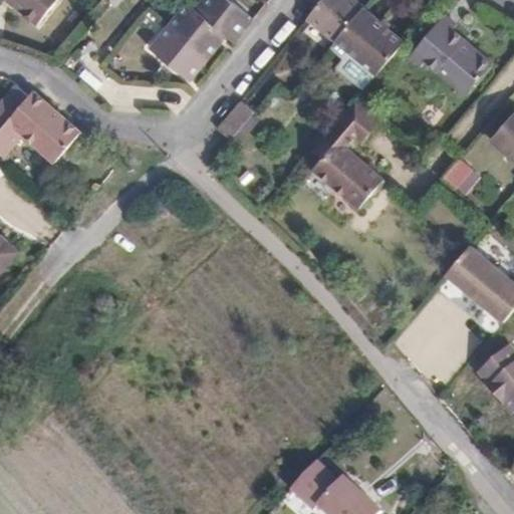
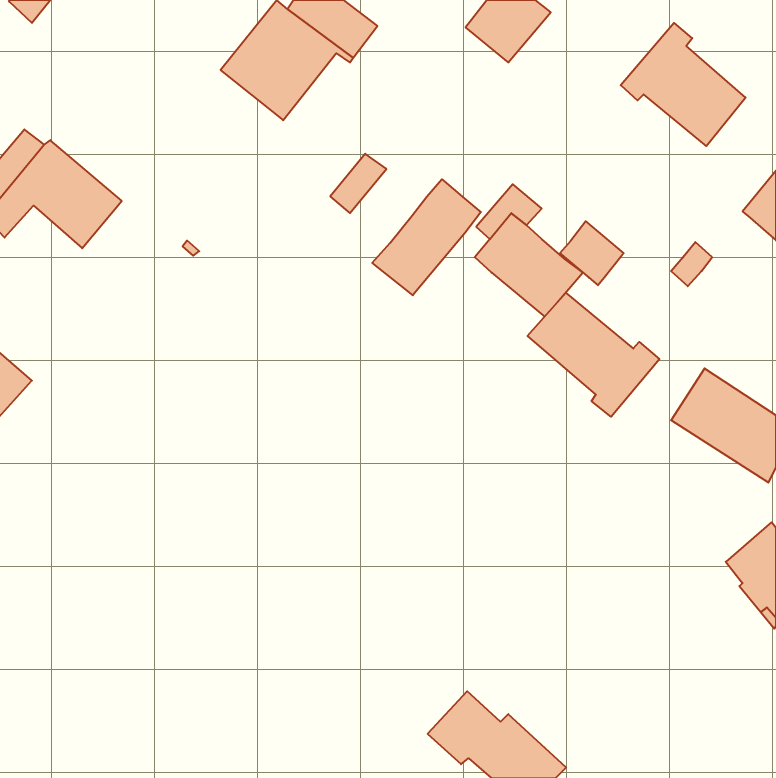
building: [335,8,405,76] -> none
building: [338,100,380,143] -> [560,221,624,285]
building: none -> [372,179,481,295]
building: none -> [528,293,659,417]

